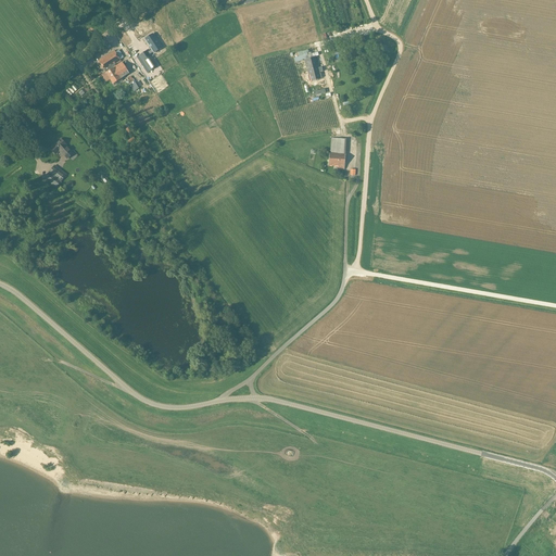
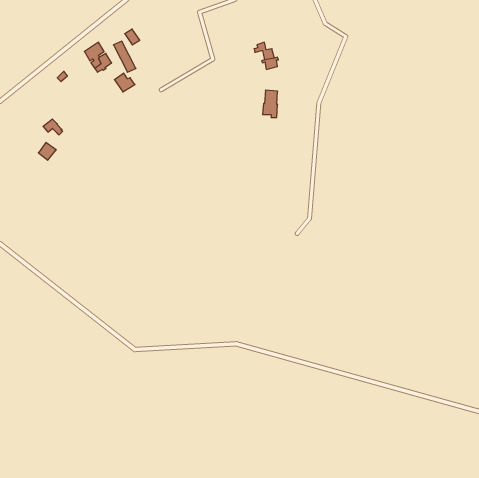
building: [328,137,345,168] -> [263,90,278,117]

